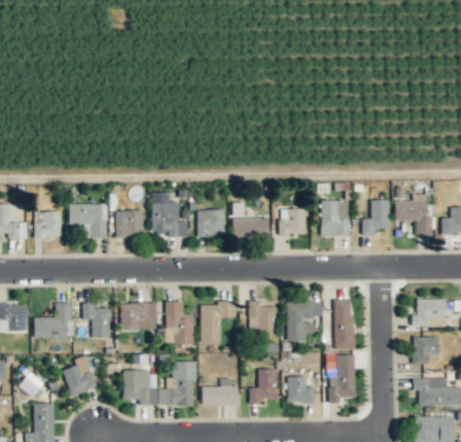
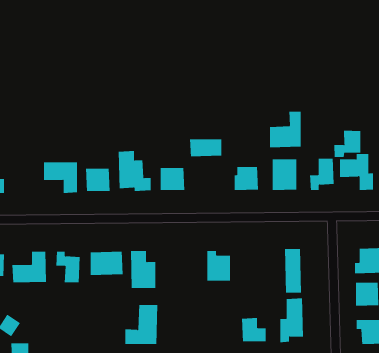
building: none -> [270,111,301,148]
building: none -> [334,130,361,158]
building: [34,211,62,238] -> none
building: [233,218,269,238] -> [189,139,222,157]
building: [201,301,235,343] -> none
building: [286,301,322,341] -> none
building: [63,355,97,396] -> none
building: [249,369,277,404] -> none
building: [123,371,157,405] -> none
building: [202,386,238,406] -> none

